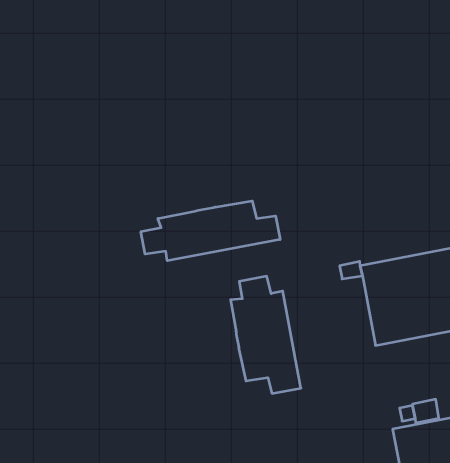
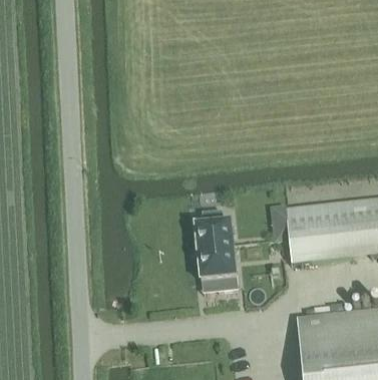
building: [141,201,280,261] -> none

